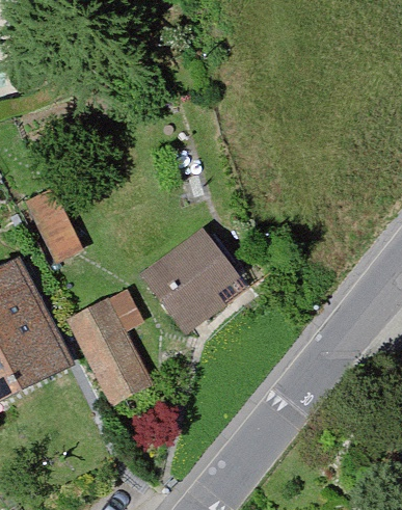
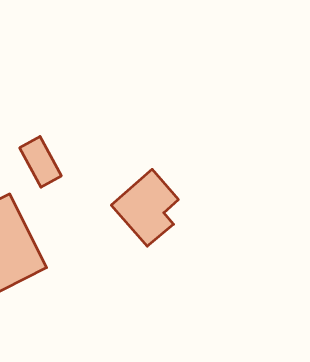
building: [72,294,151,391] -> none

